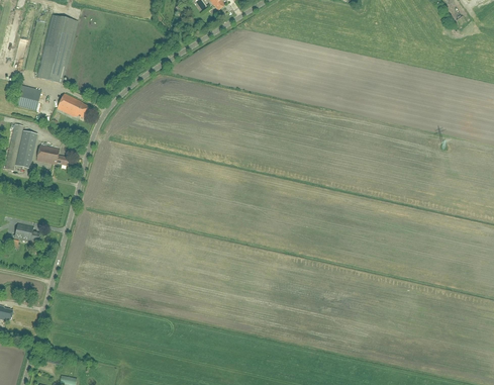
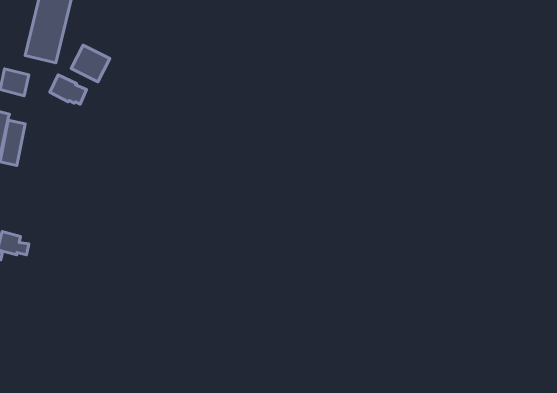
building: none -> [71,45,110,82]
building: [36,143,68,167] -> none

